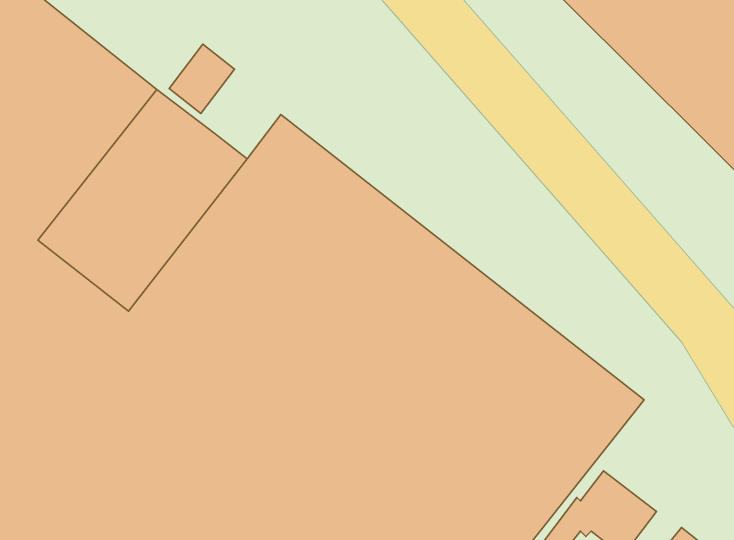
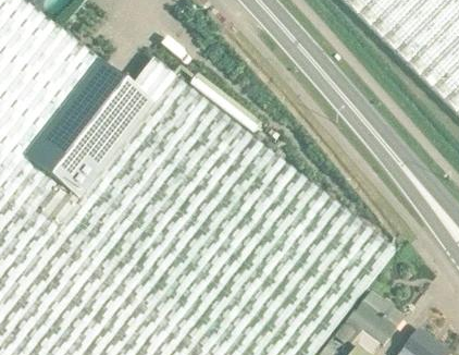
building: [169,44,235,113] -> [133,57,173,99]

